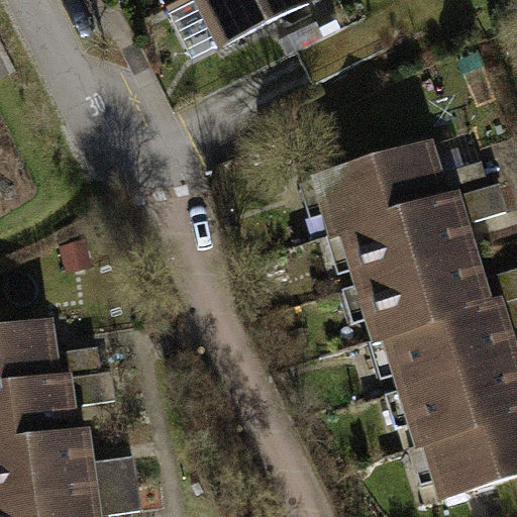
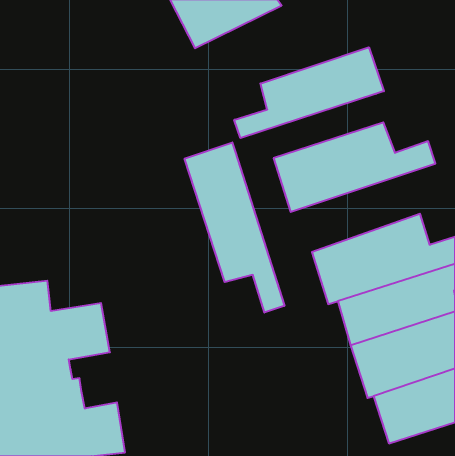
building: none -> [234,47,384,138]
building: none -> [185,142,284,313]
building: [337,185,499,285] -> none

